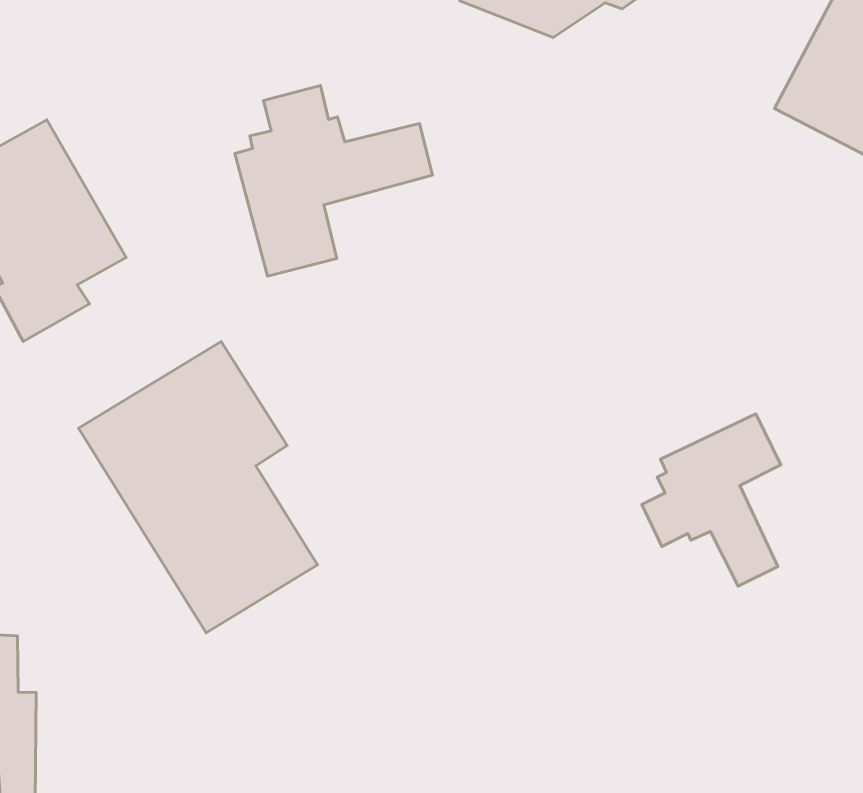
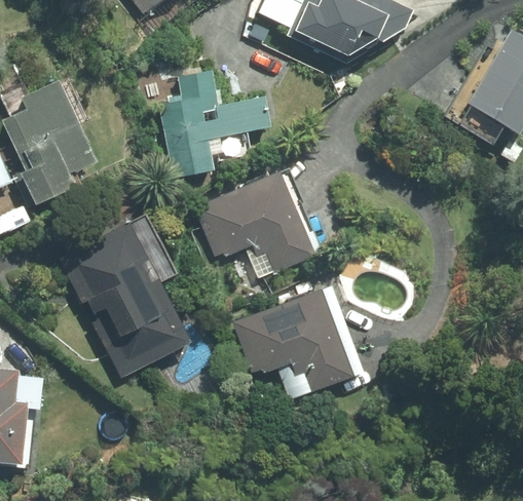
building: none -> [196,171,316,274]
building: [642,414,781,586] -> none
building: none -> [235,290,353,393]

